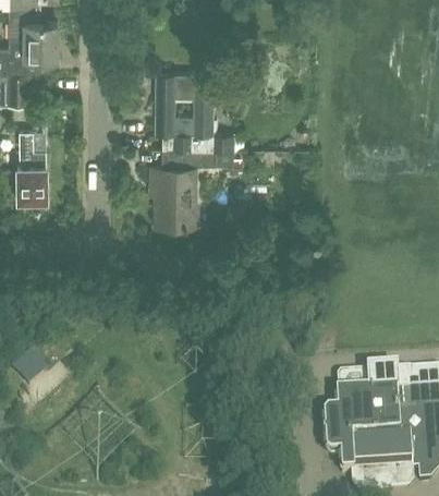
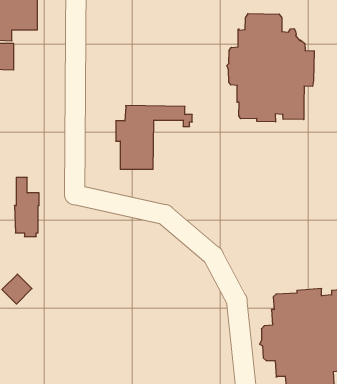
building: none -> [227,14,314,122]
building: [156,73,233,149] -> none
building: [17,132,47,203] -> [14,177,39,237]

